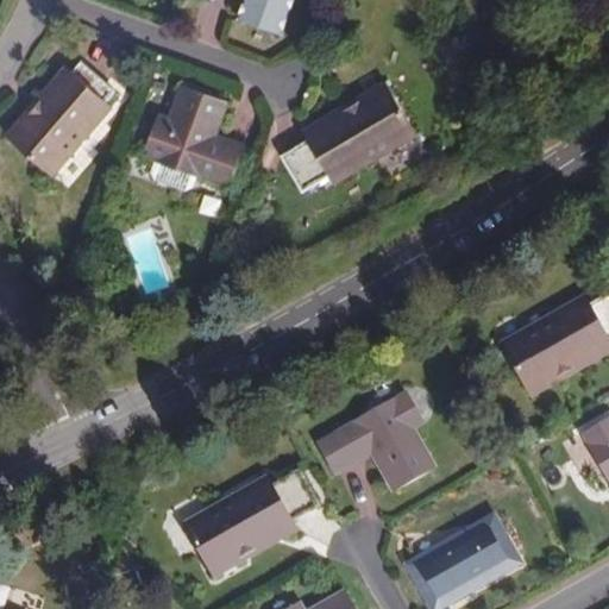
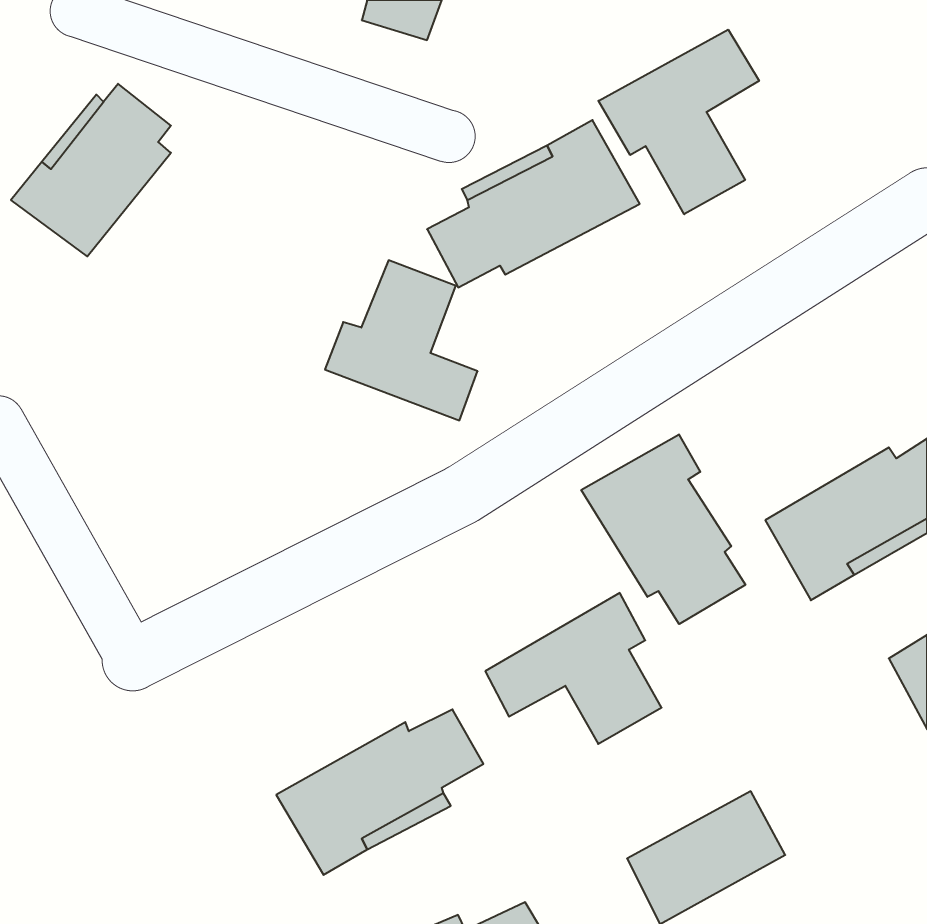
building: none -> [598,30,759,214]
building: [143,82,243,187] -> [325,260,478,420]
building: none -> [581,434,745,624]

